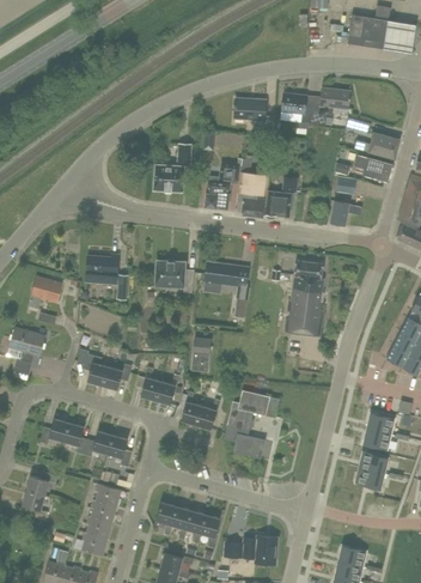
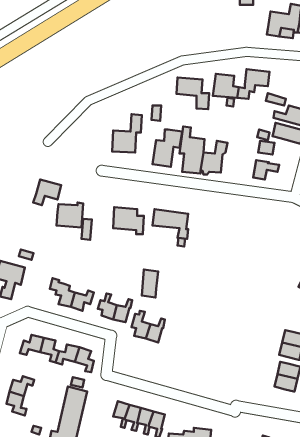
building: [285,261,324,336] -> none
building: [28,277,62,309] -> [33,179,61,205]
building: [225,390,279,458] -> none

